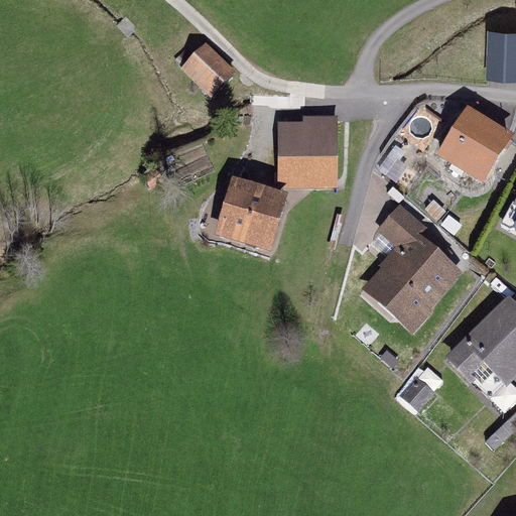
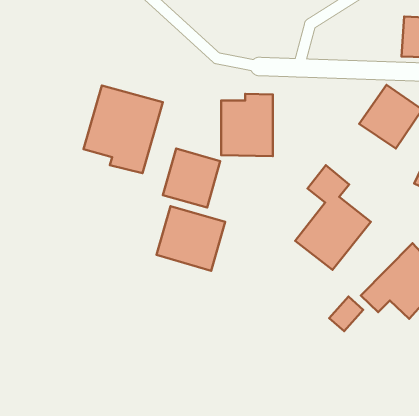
building: [177,40,235,98] -> none
building: none -> [83,86,163,173]
building: none -> [157,206,225,271]

